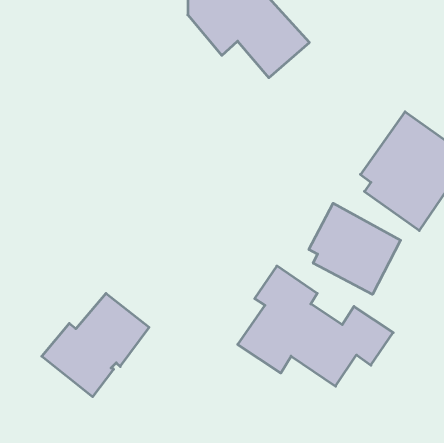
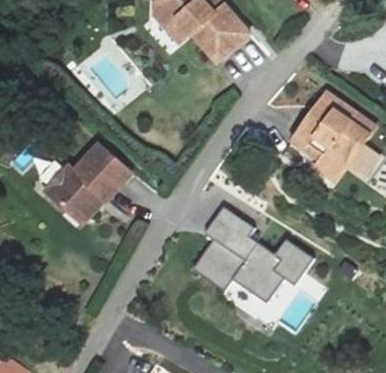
building: [309,203,401,294] -> none
building: [42,293,149,397] -> [46,145,129,225]

